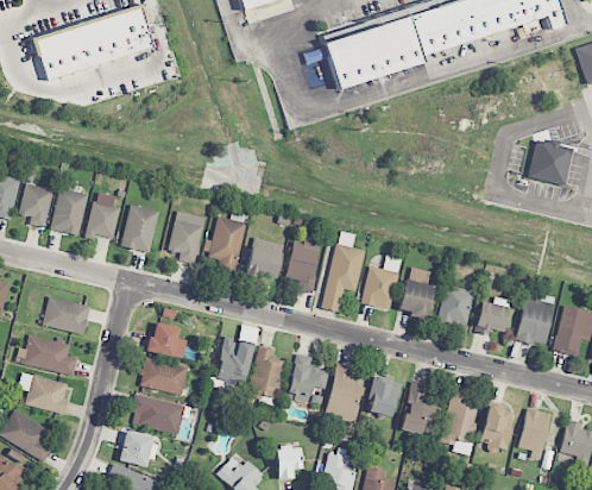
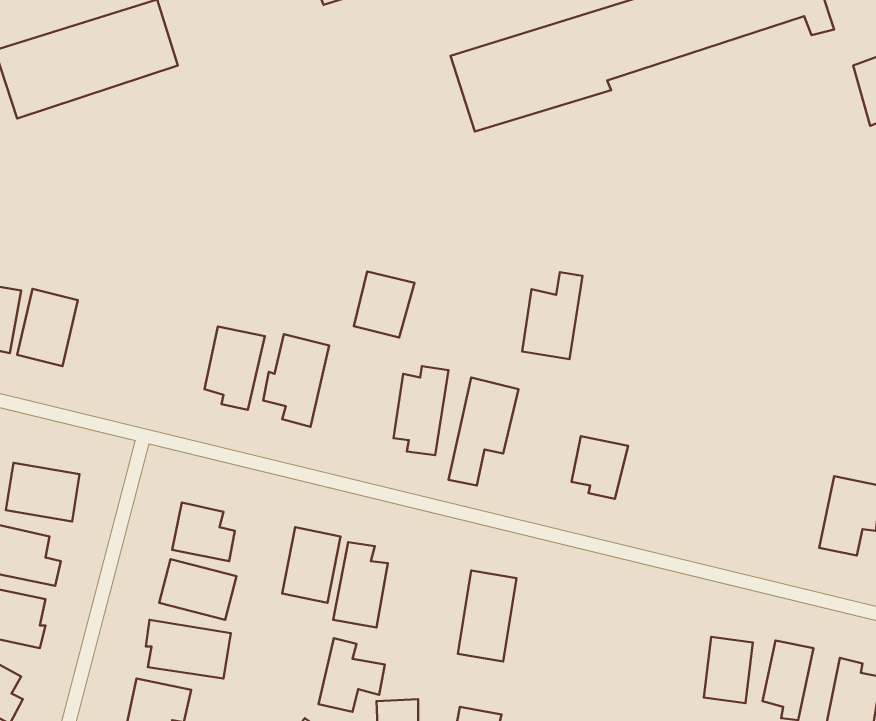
building: [528,140,572,186] -> none
building: [86,202,120,240] -> none
building: [120,205,159,253] -> none
building: [246,238,284,279] -> [354,271,414,338]
building: [361,256,399,310] -> [522,272,583,359]
building: [437,285,474,327] -> none
building: [515,294,554,347] -> none
building: [474,302,508,335] -> none
building: [288,354,329,401] -> [319,638,385,712]
building: [366,376,399,417] -> none
building: [401,383,436,433] -> none
building: [441,391,477,446] -> none

